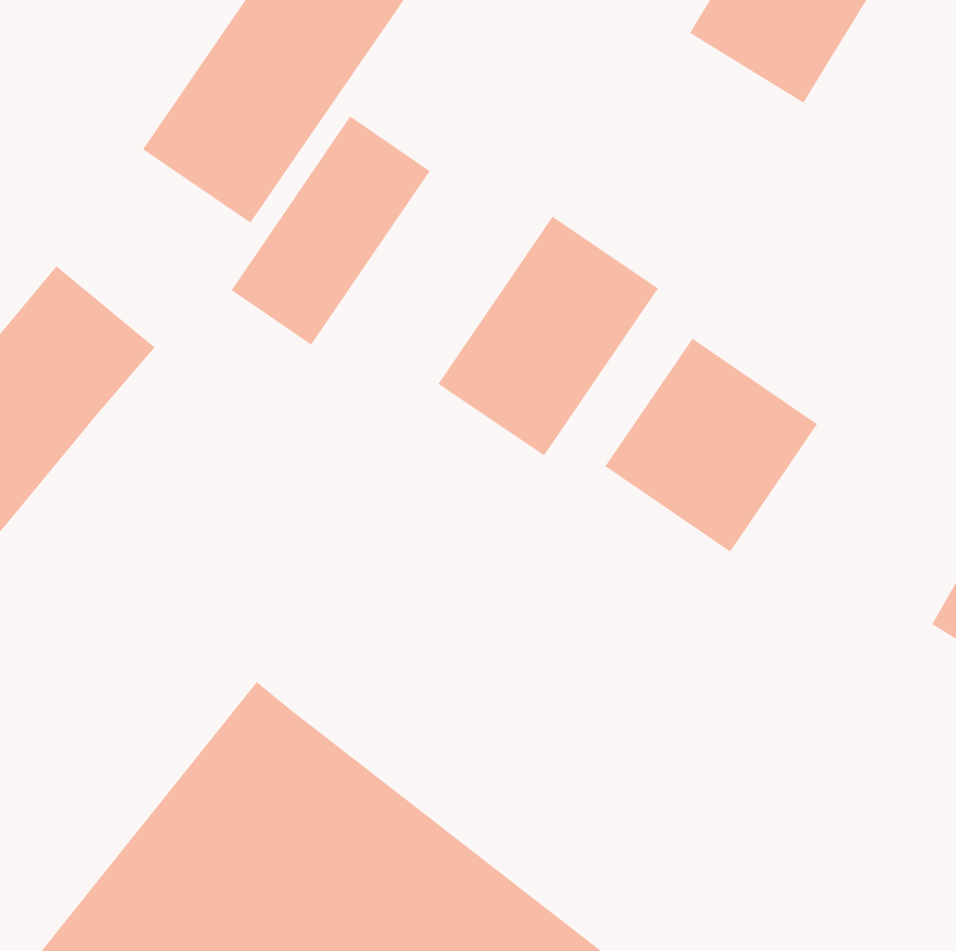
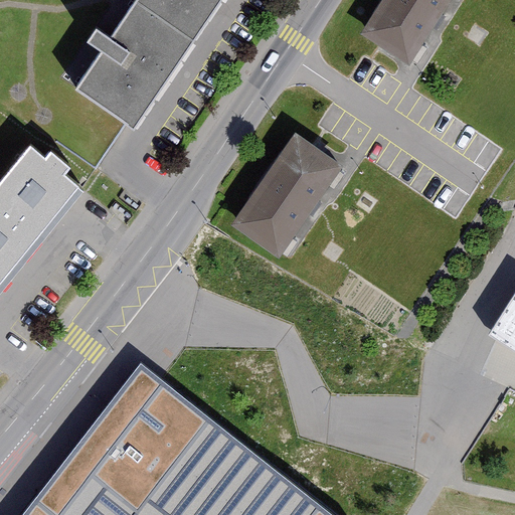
building: [231,116,430,346] -> none
building: [605,338,818,553] -> none

